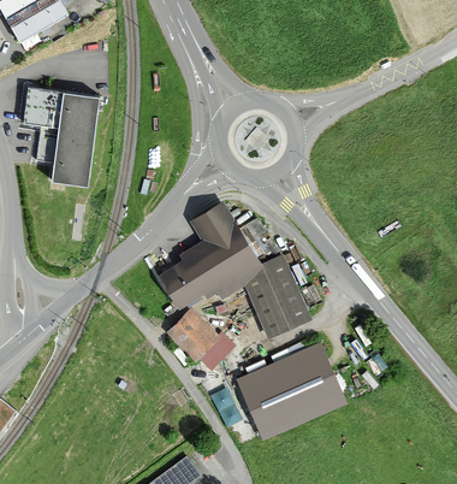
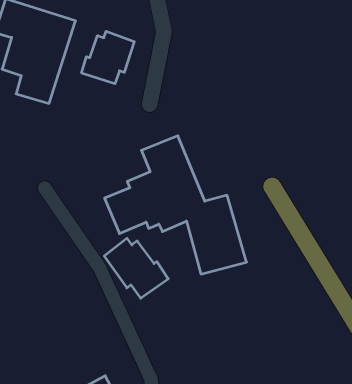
building: none -> [82,31,134,84]
building: [238,343,345,438] -> none

